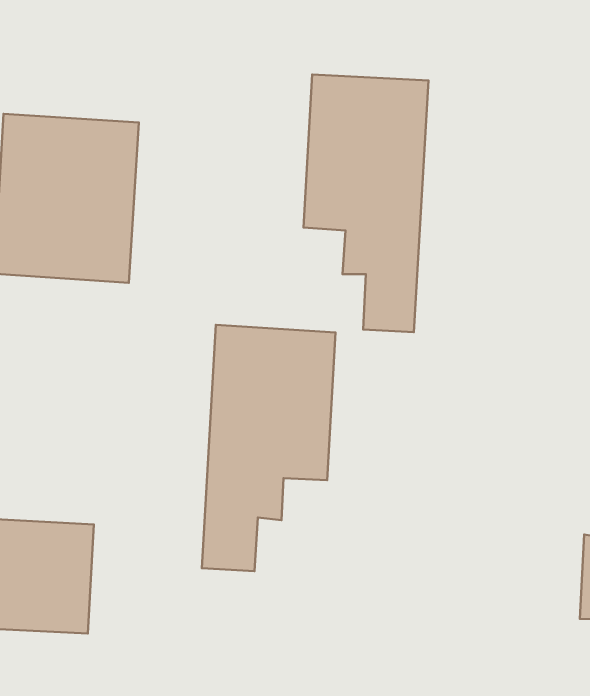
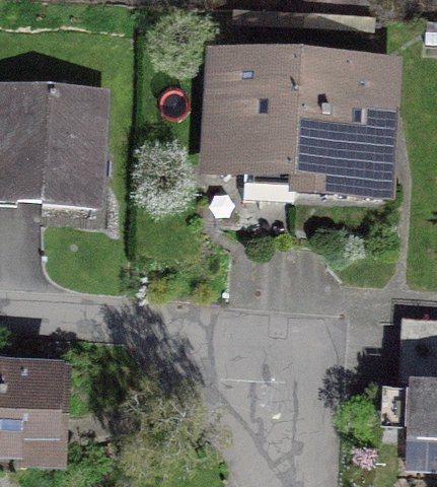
building: none -> [293,57,389,234]
building: [202,325,336,571] -> none

